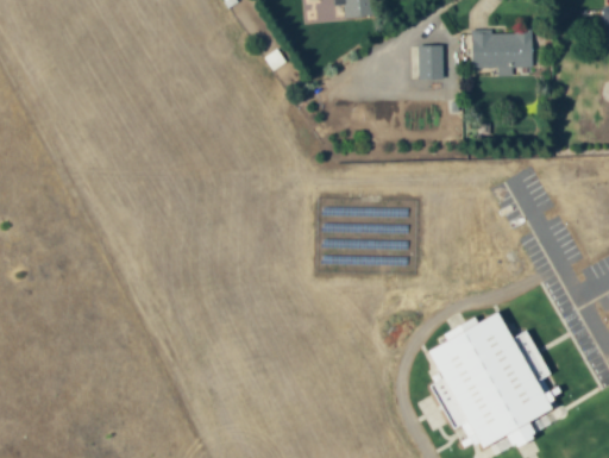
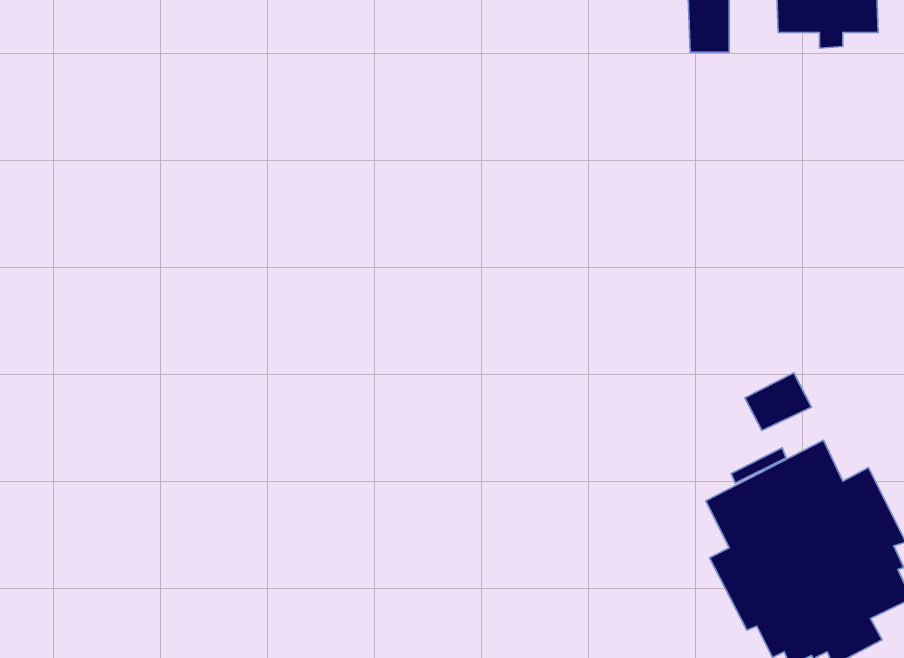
building: none -> [745,373,811,430]

